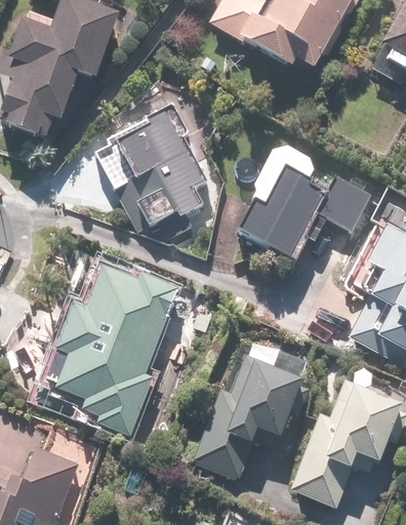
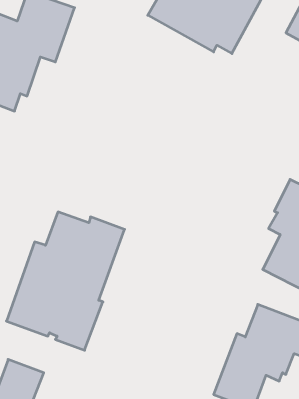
building: [94,99,211,238] -> none
building: [236,145,373,261] -> none
building: [193,353,311,478] -> none

